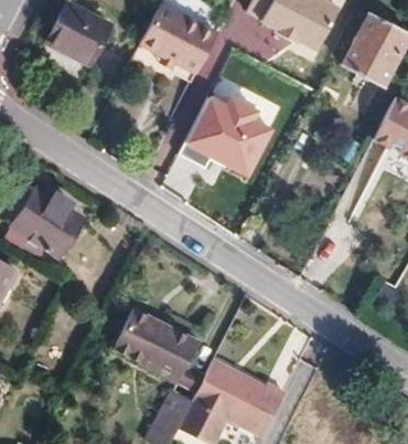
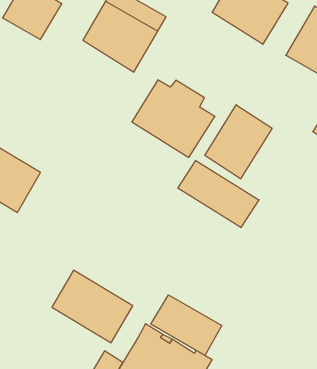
building: none -> [205,105,272,179]
building: none -> [178,161,259,228]
building: none -> [151,295,222,356]

